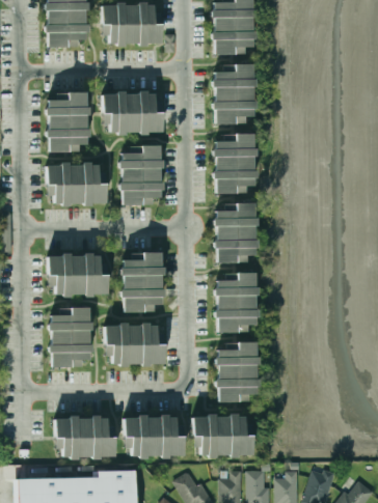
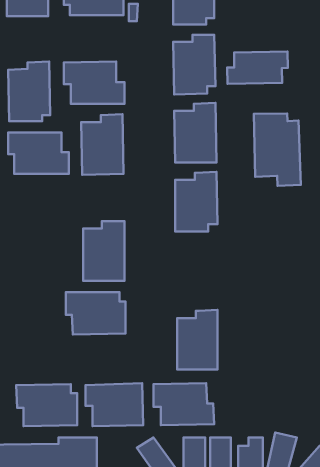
building: none -> [227,52,288,84]
building: none -> [254,114,301,186]
building: [50,253,106,297] -> none
building: [216,273,259,333] -> none
building: [50,307,91,368] -> none

